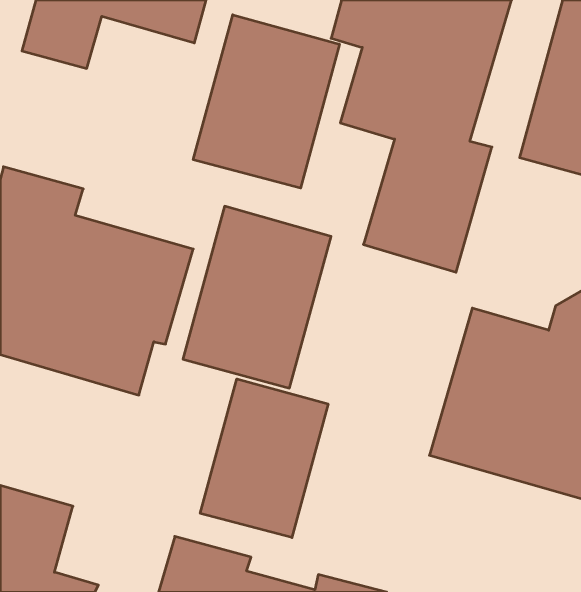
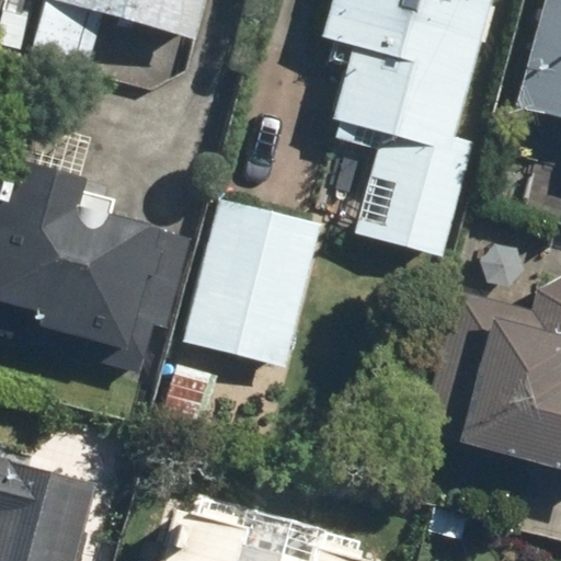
building: [193,15,339,188] -> none
building: [200,379,328,538] -> none

